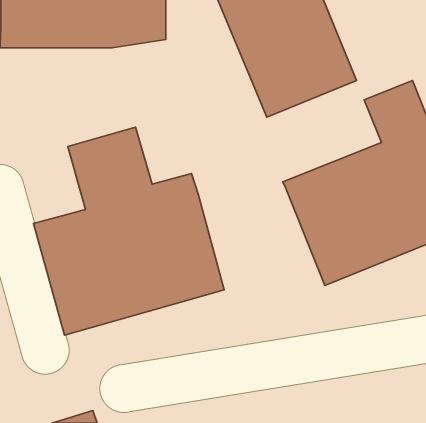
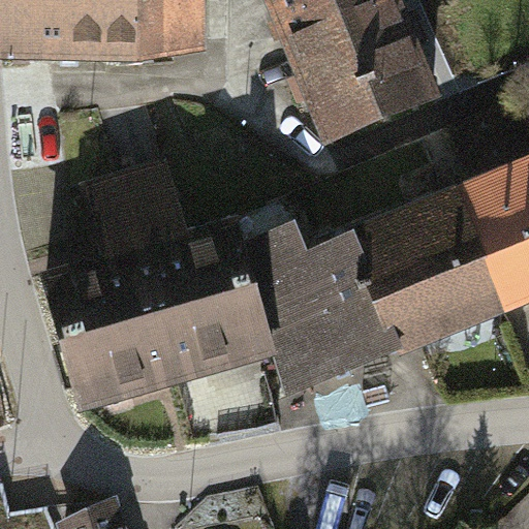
building: none -> [247,219,403,394]

